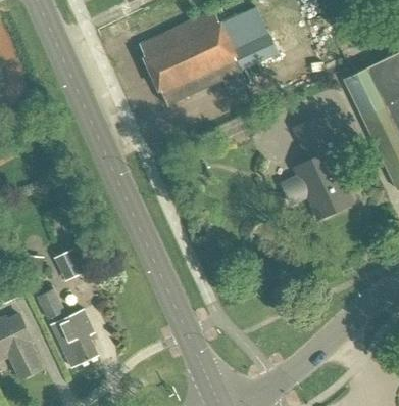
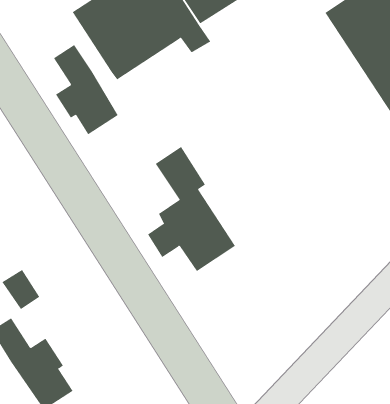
building: none -> [53,44,118,135]
building: [283,115,353,218] -> [147,146,236,272]

